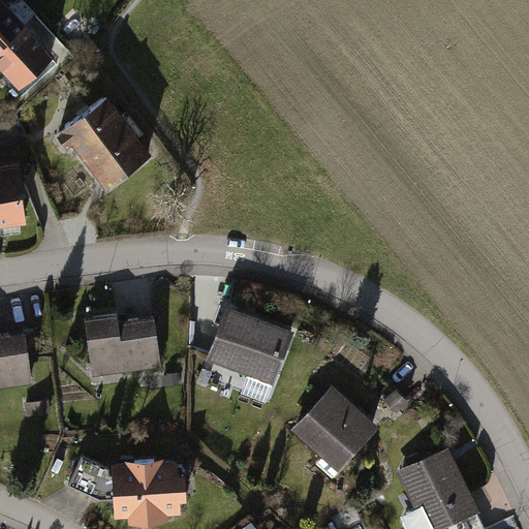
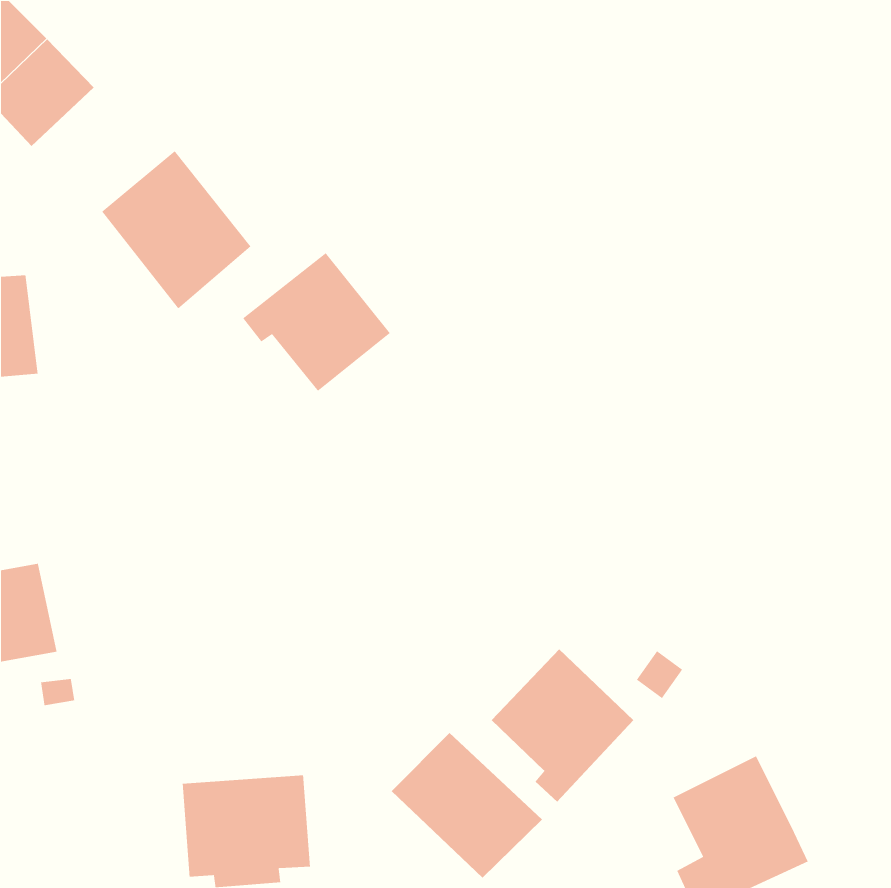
building: none -> [242,252,391,392]
building: [206,307,291,383] -> none
building: [81,312,158,379] -> none
building: none -> [391,732,543,878]

